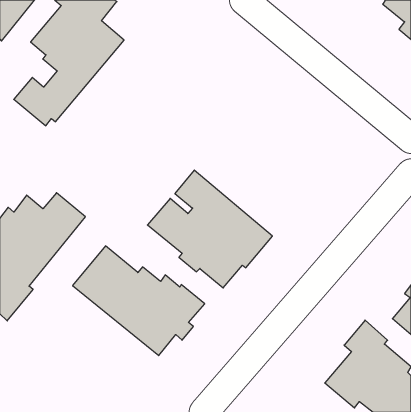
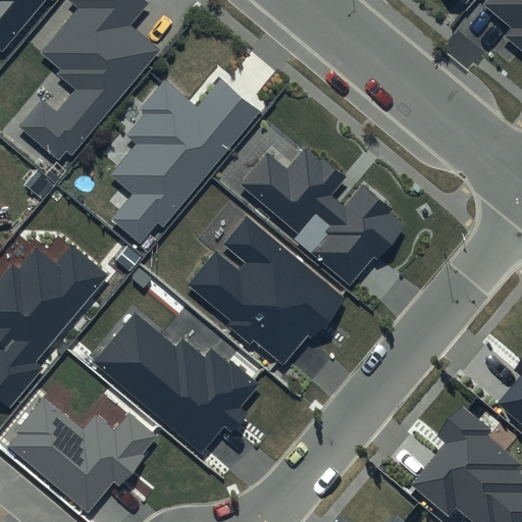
building: none -> [108,77,260,244]
building: none -> [239,150,405,284]
building: none -> [7,398,156,512]

